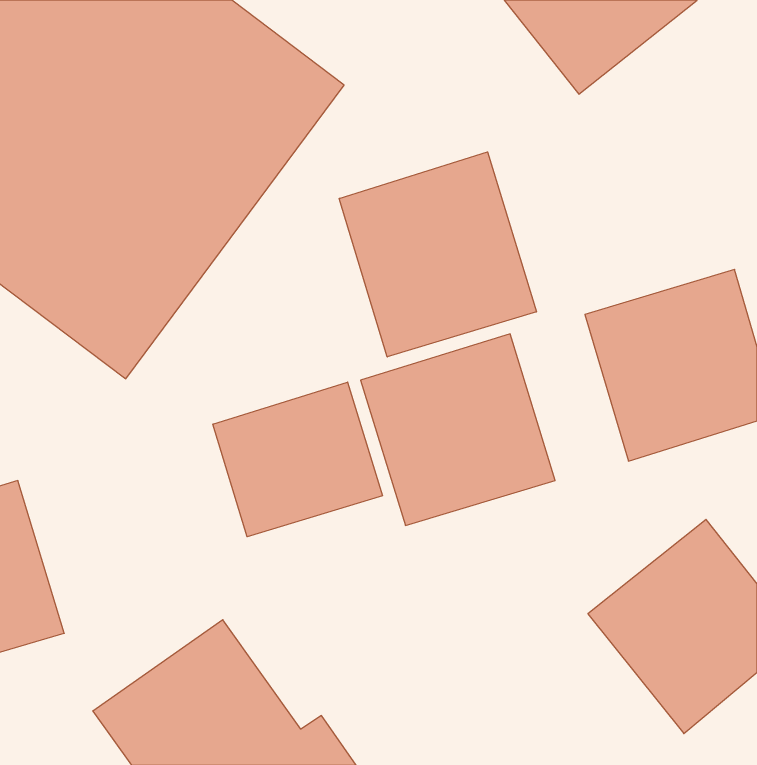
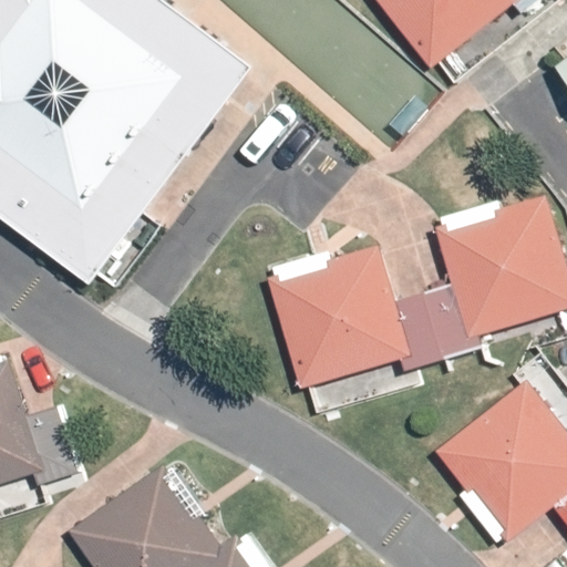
building: [339,152,536,357] -> none
building: [213,382,382,537] -> none

